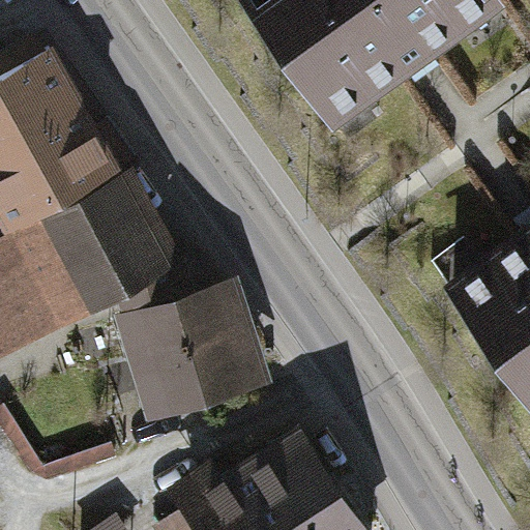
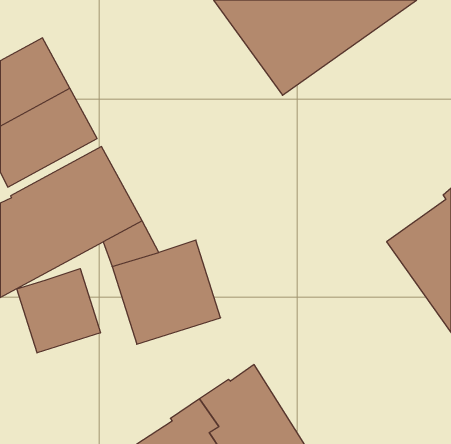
building: none -> [17,269,100,353]

